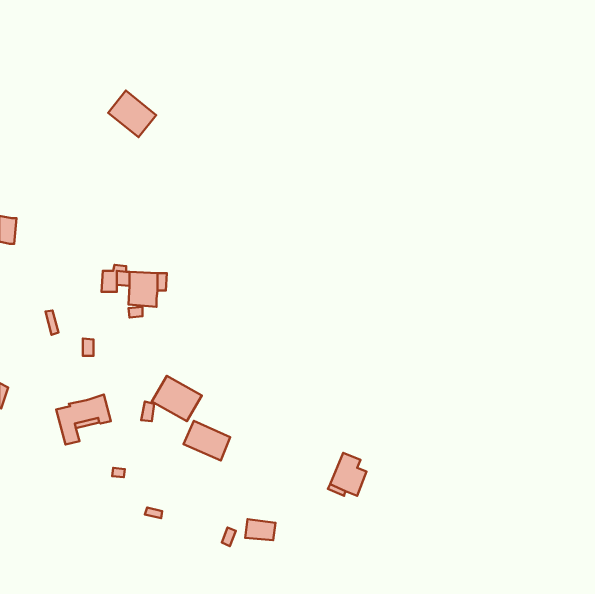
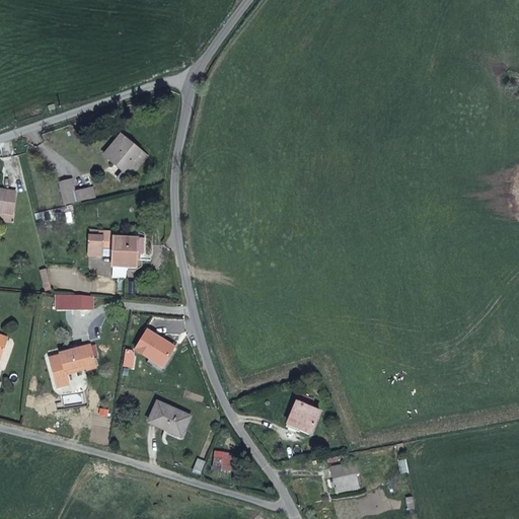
building: [108,91,156,137] -> [104,135,146,175]
building: none -> [60,178,89,204]
building: [183,421,230,461] -> [148,401,189,436]
building: none -> [328,460,359,492]

